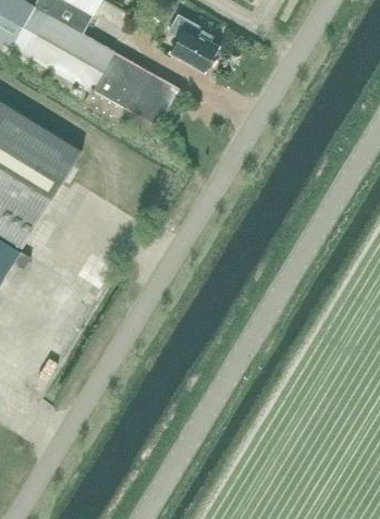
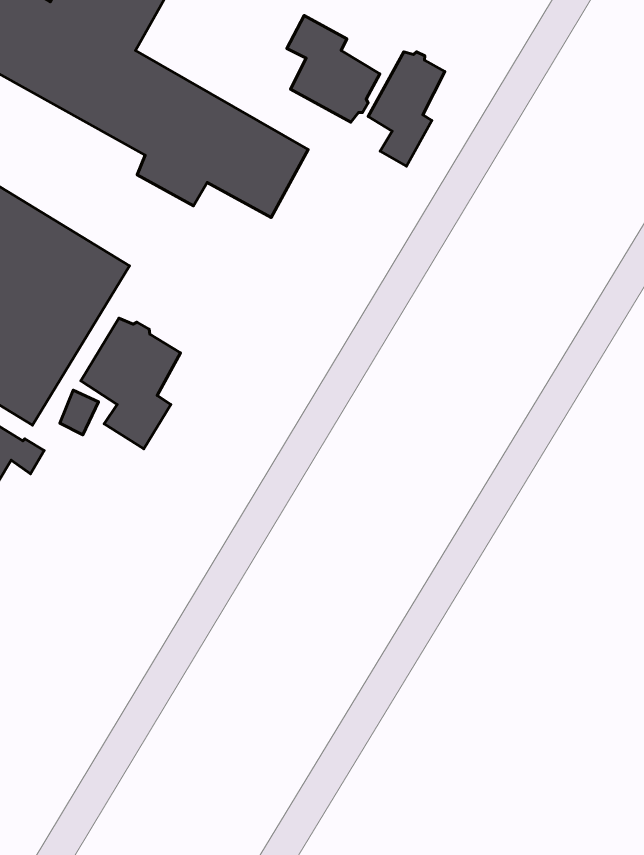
building: none -> [368,52,445,166]
building: none -> [81,318,181,449]

